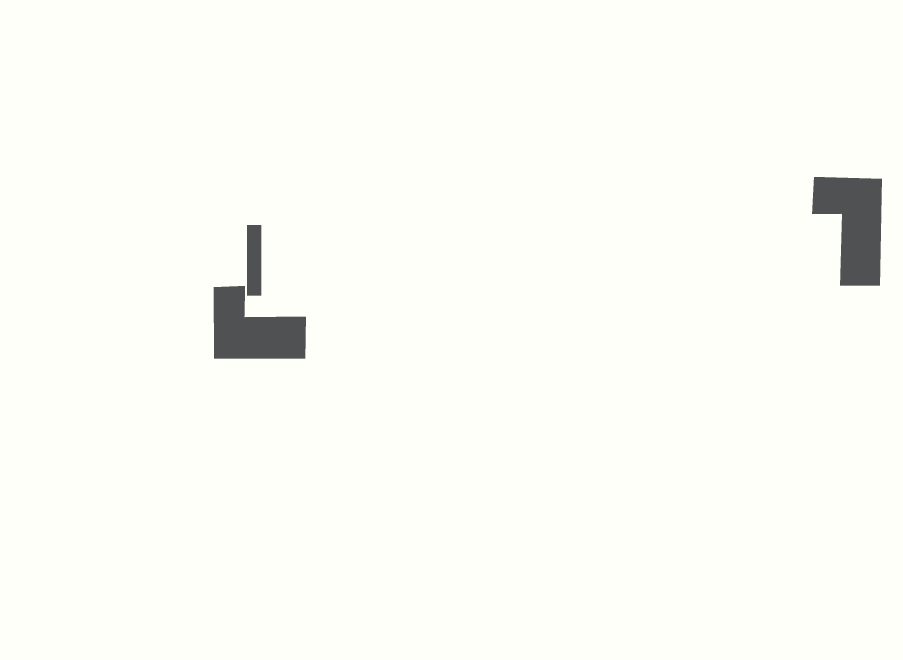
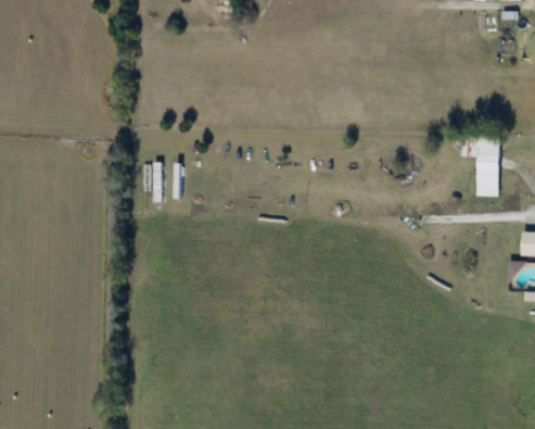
building: [213,285,306,360] -> none

